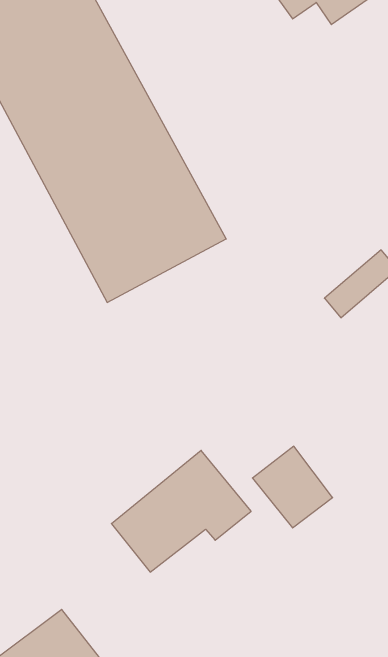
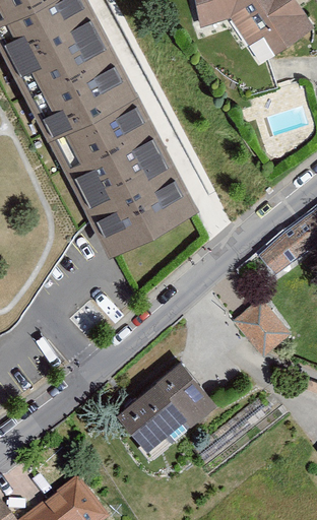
building: [252,446,333,528] -> [234,296,293,355]

